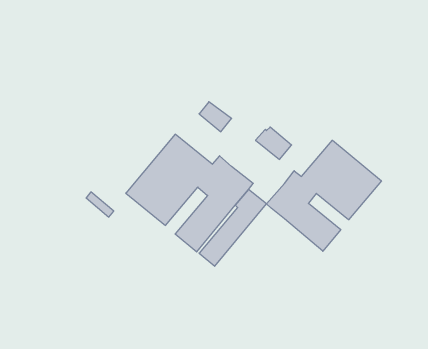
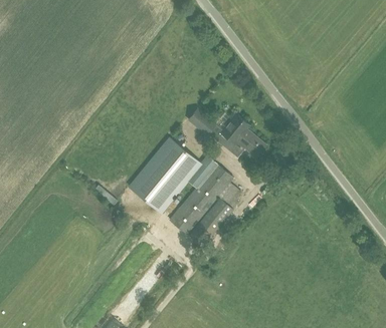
building: none -> [220,114,248,144]
building: [266,140,381,251] -> none

